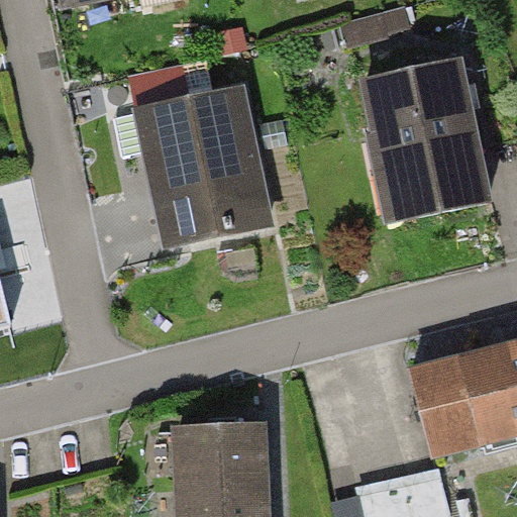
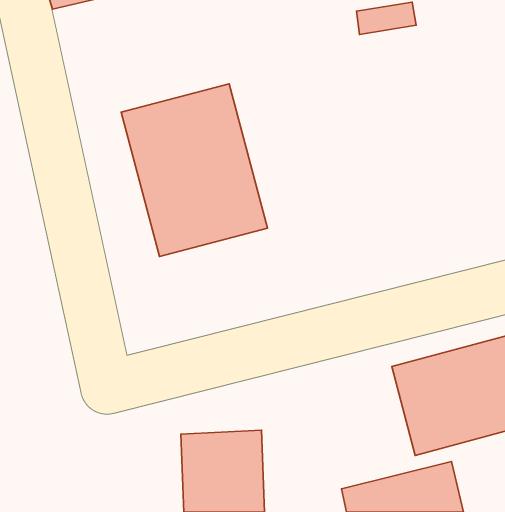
building: [347,57,484,229] -> none

